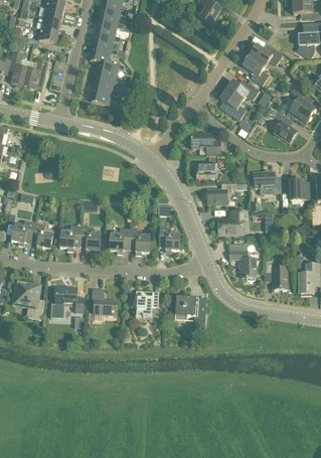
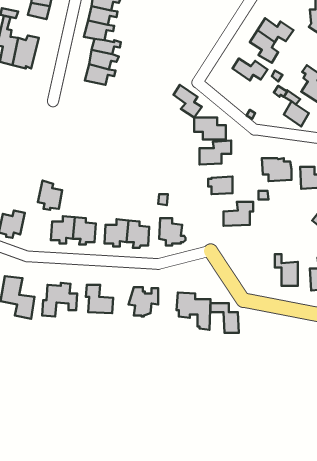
building: [219,89,246,119] -> [173,85,202,118]
building: [30,221,52,249] -> [38,180,62,210]
building: [228,250,255,277] -> [210,303,239,333]

